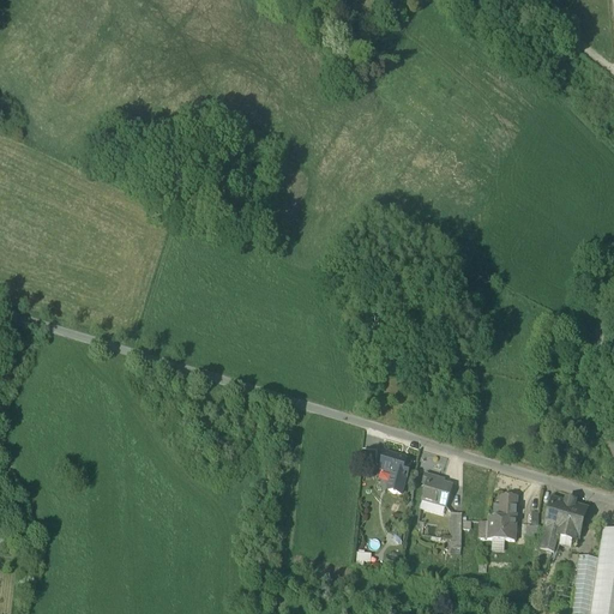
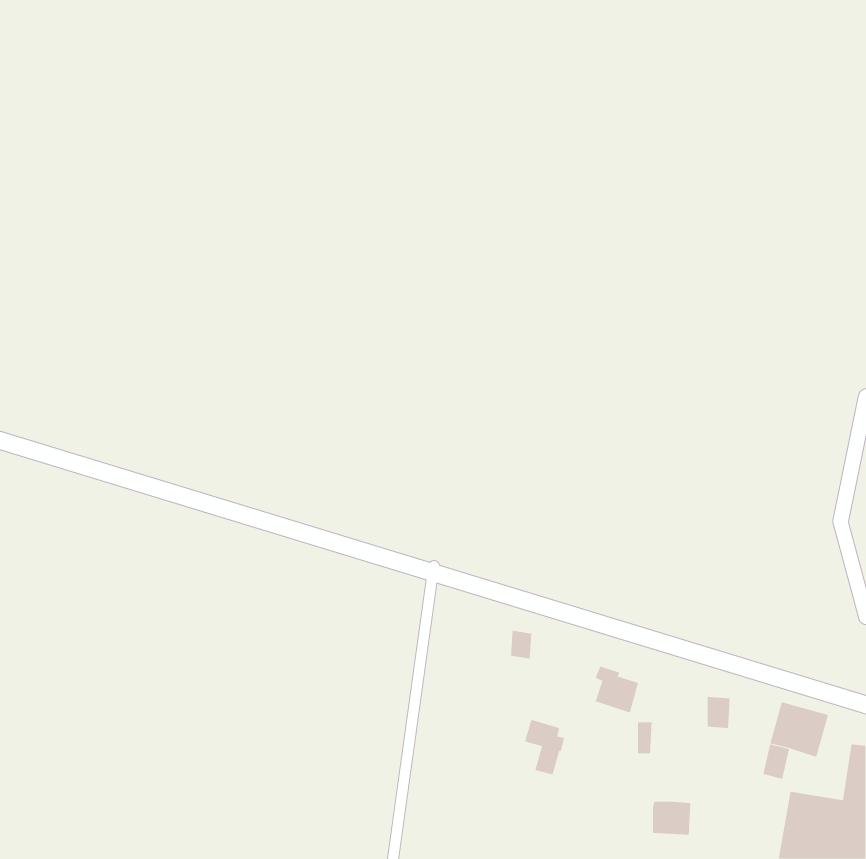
building: [380,451,409,490] -> [524,719,565,775]
building: [488,514,516,538] -> [652,801,691,835]

